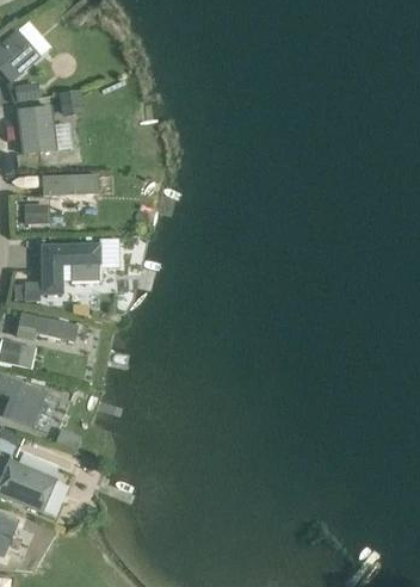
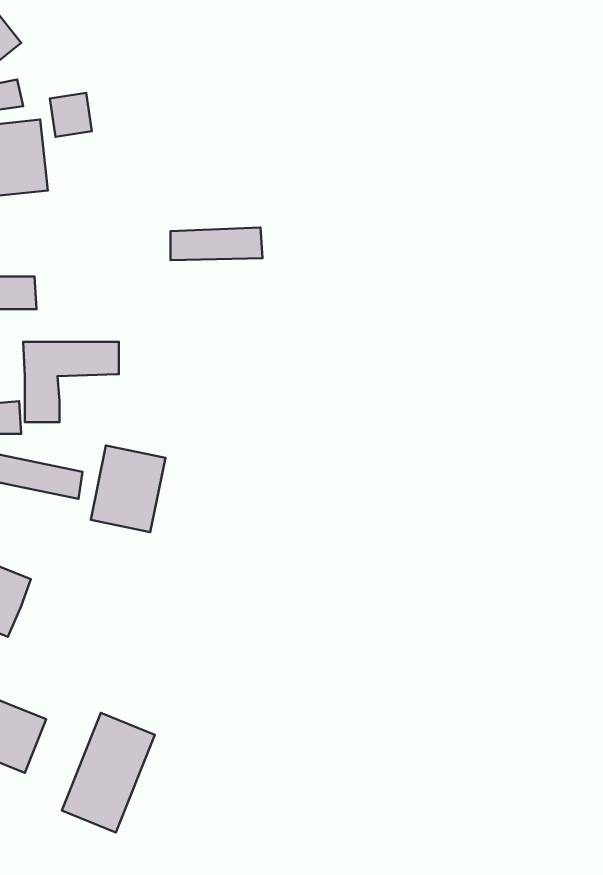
building: [43,174,100,194] -> [170,227,262,260]
building: none -> [91,445,165,532]
building: none -> [62,713,155,833]

